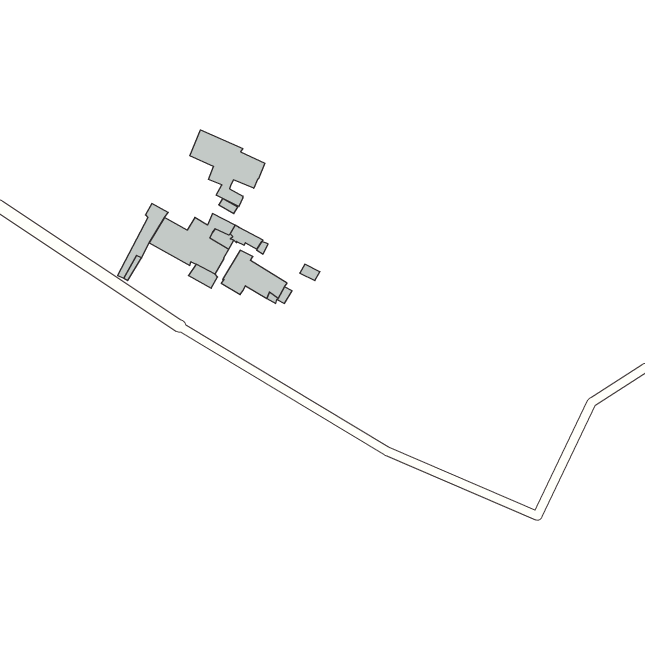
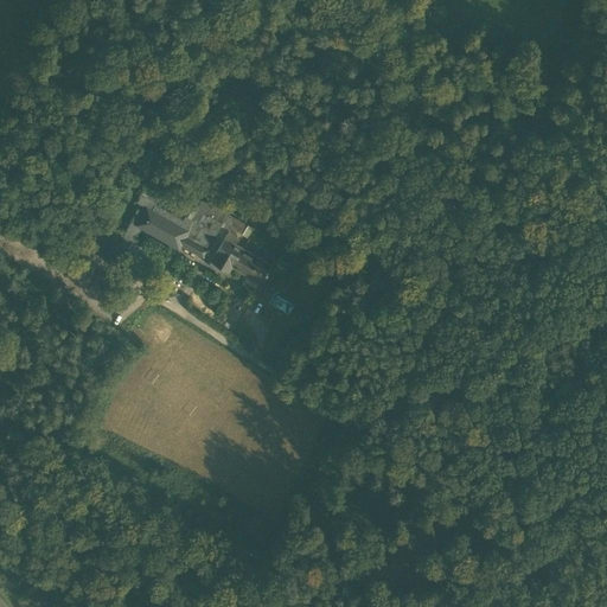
building: [190,130,265,207] -> none

